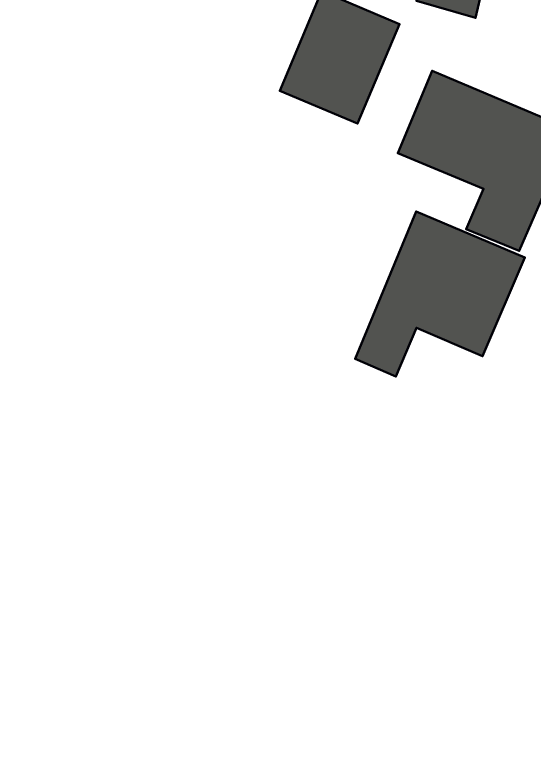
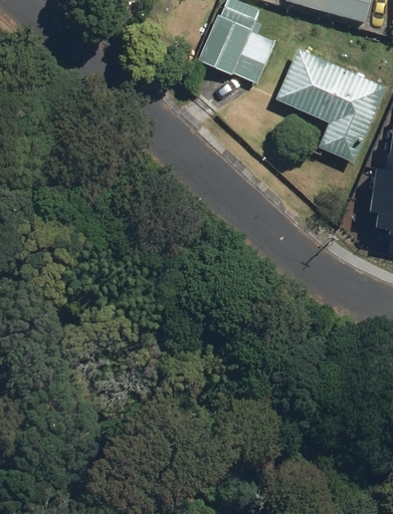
building: [355,212,525,377] -> none

